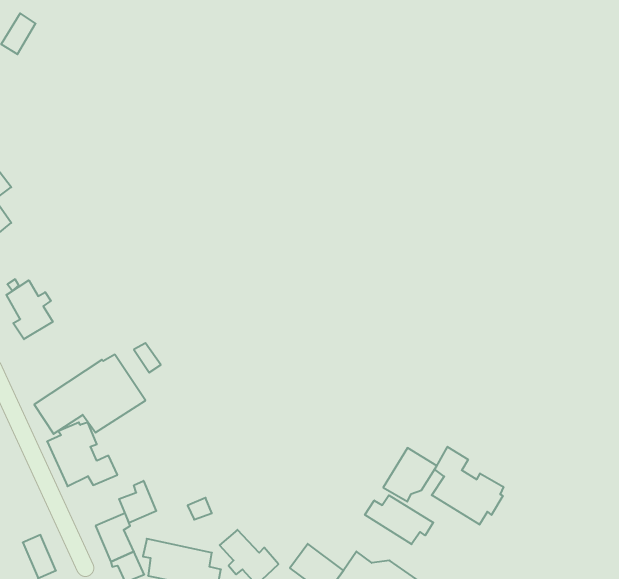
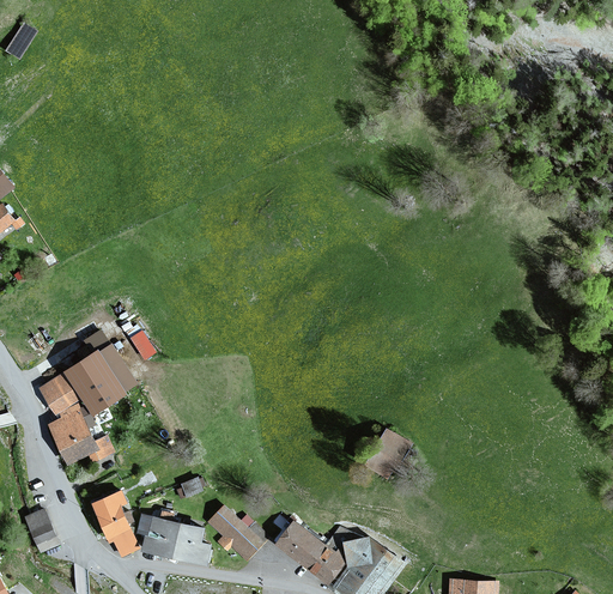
building: [6,280,53,339] -> none
building: [432,447,503,525] -> none
building: [119,481,156,523] -> none
building: [365,495,433,544] -> none

